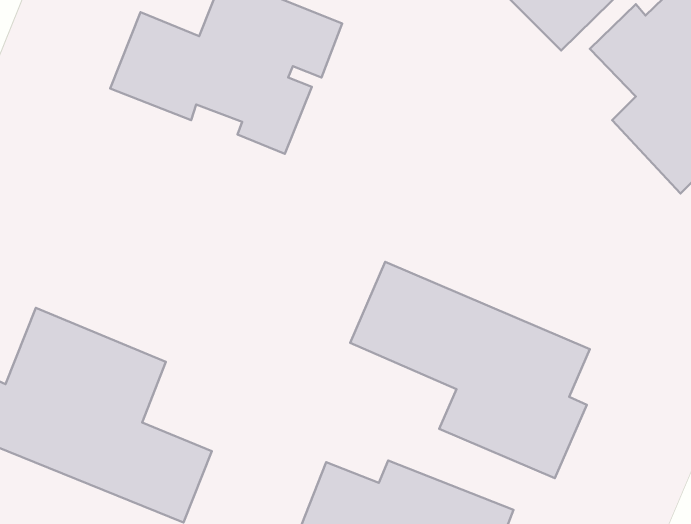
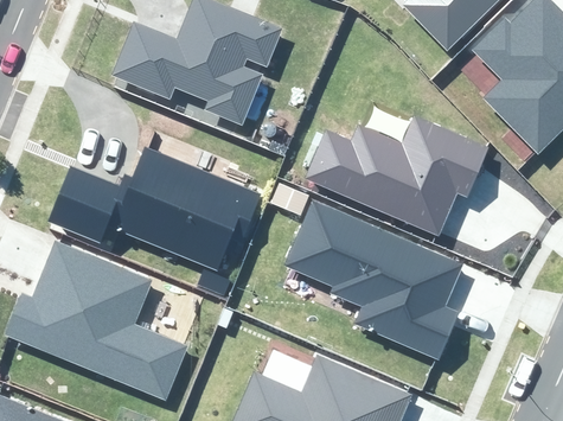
building: none -> [305,115,488,235]
building: none -> [50,146,263,269]

